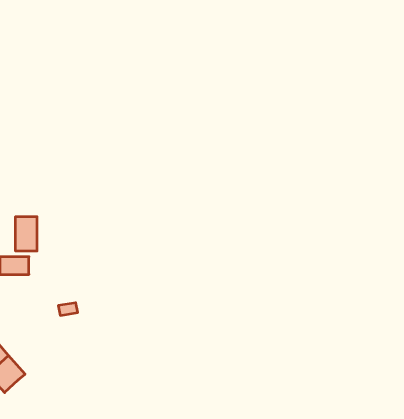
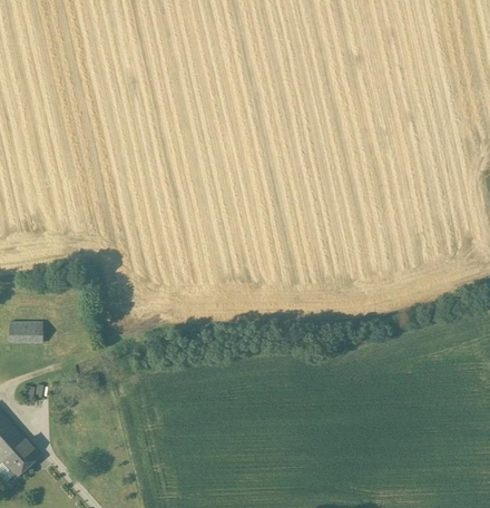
building: [16,217,37,251] -> none

